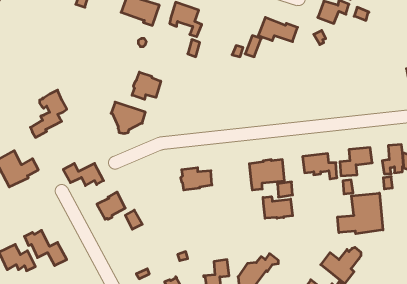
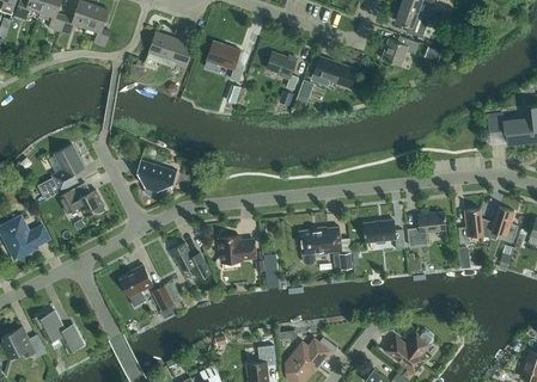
building: none -> [266,51,297,88]
building: [132,72,161,99] -> none
building: [63,163,104,186] -> [57,189,105,215]
building: none -> [167,242,209,279]
building: [338,193,383,234] -> none
building: [263,197,293,218] -> none

